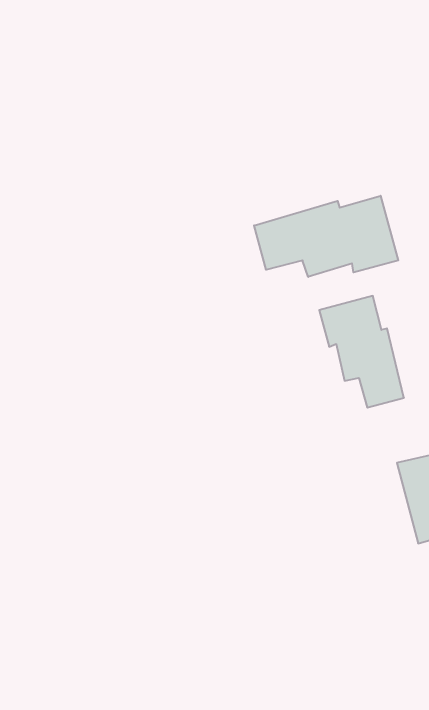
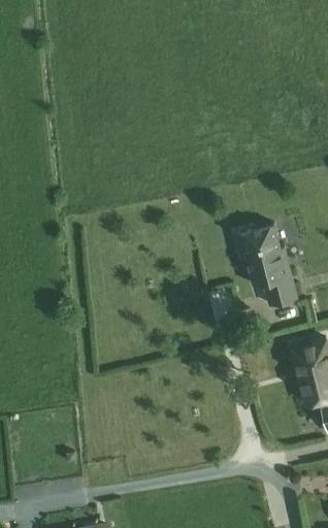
building: [254,196,398,277] -> none

